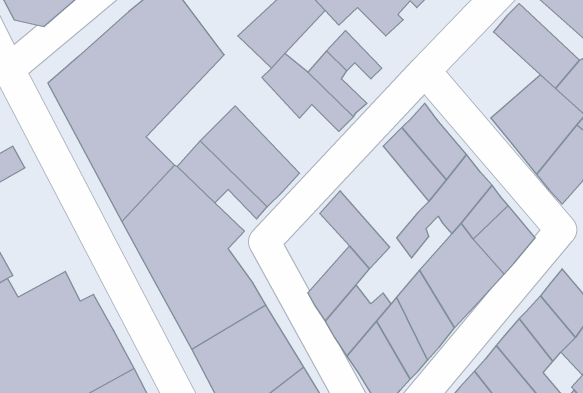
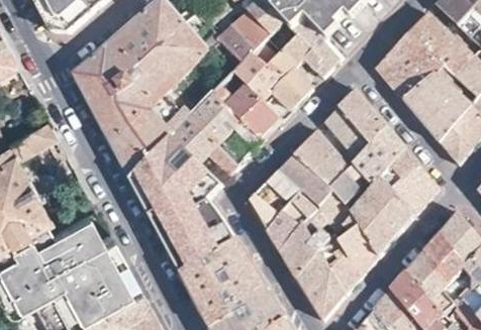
building: none -> [290,14,341,75]
building: none -> [376,32,442,97]
building: none -> [212,80,280,138]
building: none -> [291,127,350,194]
building: none -> [248,169,298,228]

